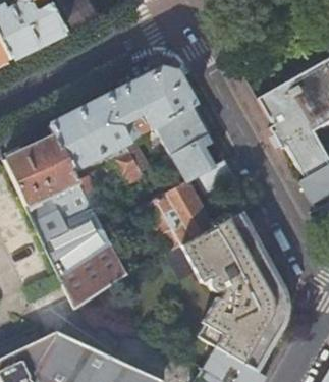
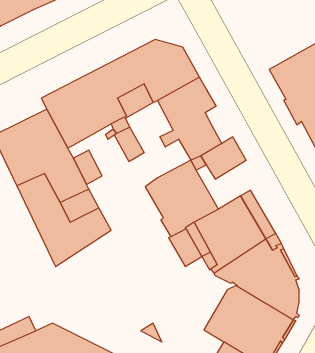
building: [61,245,126,308] -> none

